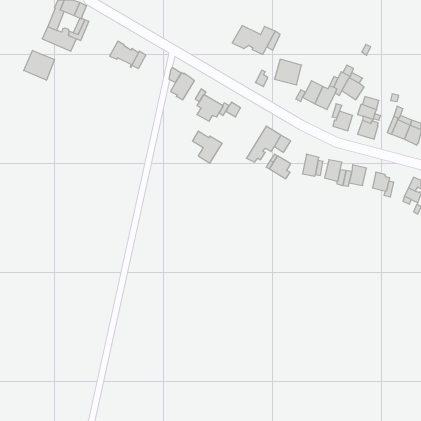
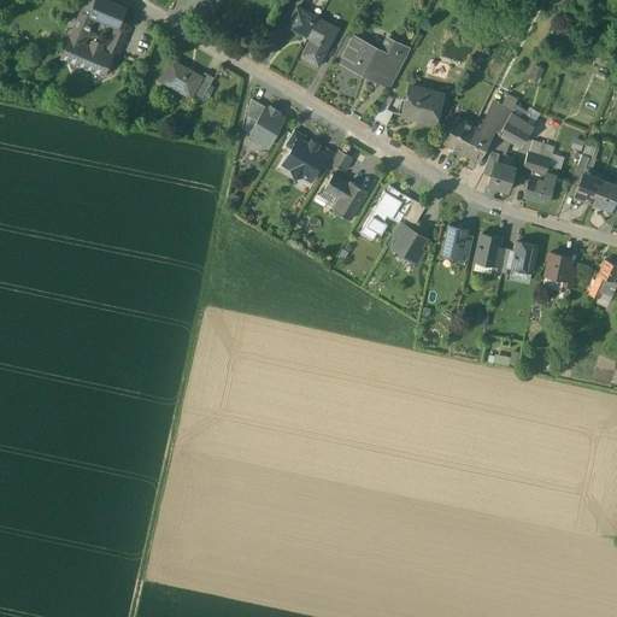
building: none -> [287,8,337,67]
building: [24,50,55,80] -> none
building: [192,131,222,163] -> [324,174,368,221]

